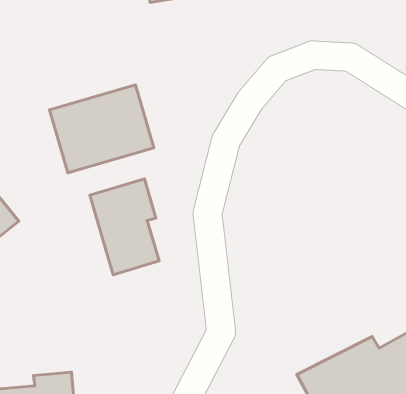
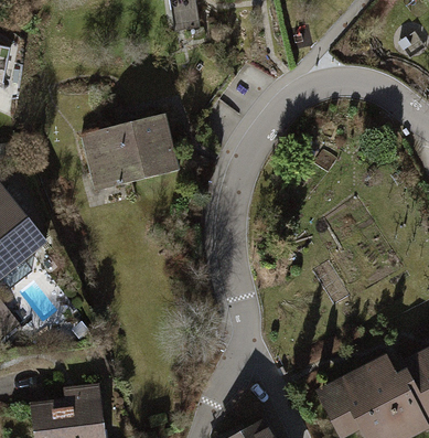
building: [90,179,159,275] -> none

